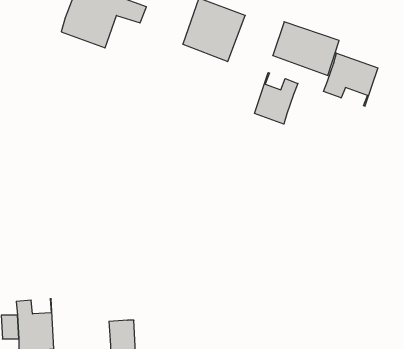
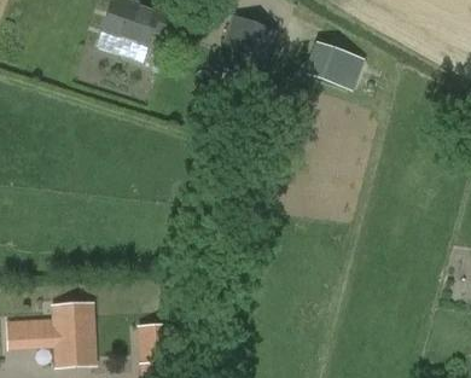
building: [323,53,378,106] -> none
building: [254,73,298,124] -> none

